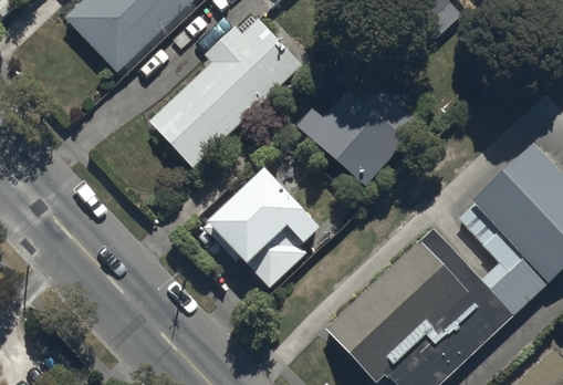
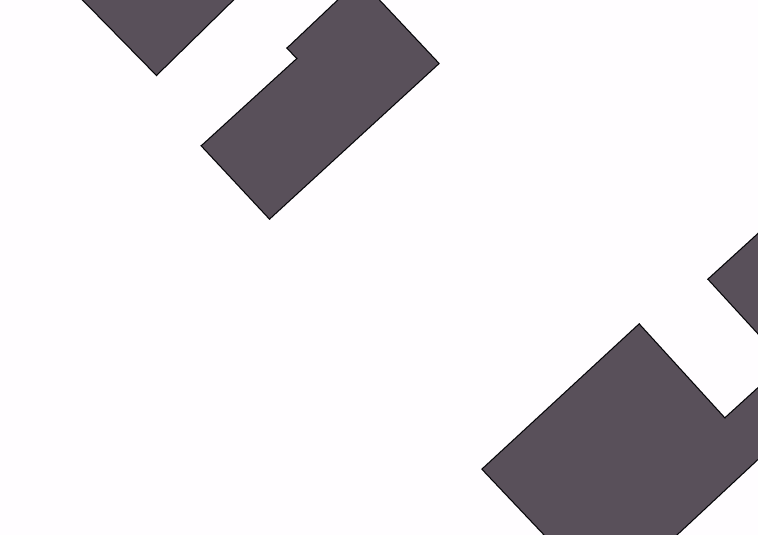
building: [295,71,421,187] -> none
building: [200,164,320,284] -> none

